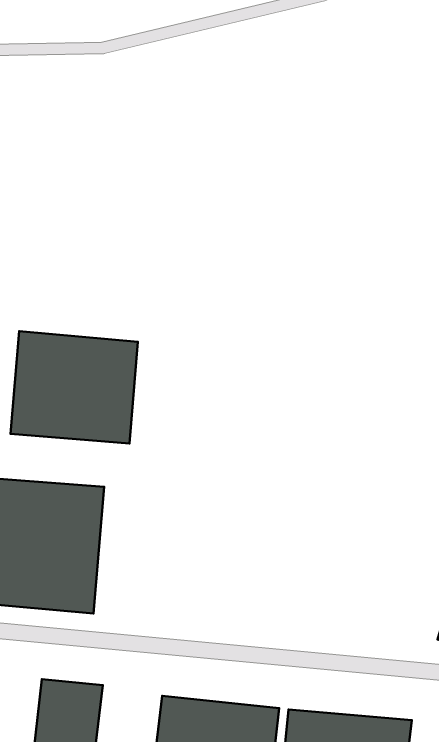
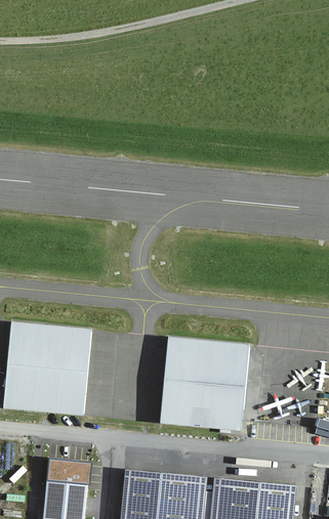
building: [11,331,138,443] -> none
building: none -> [159,339,247,429]

